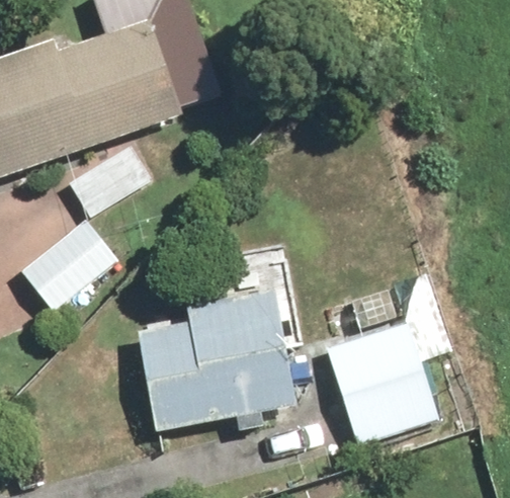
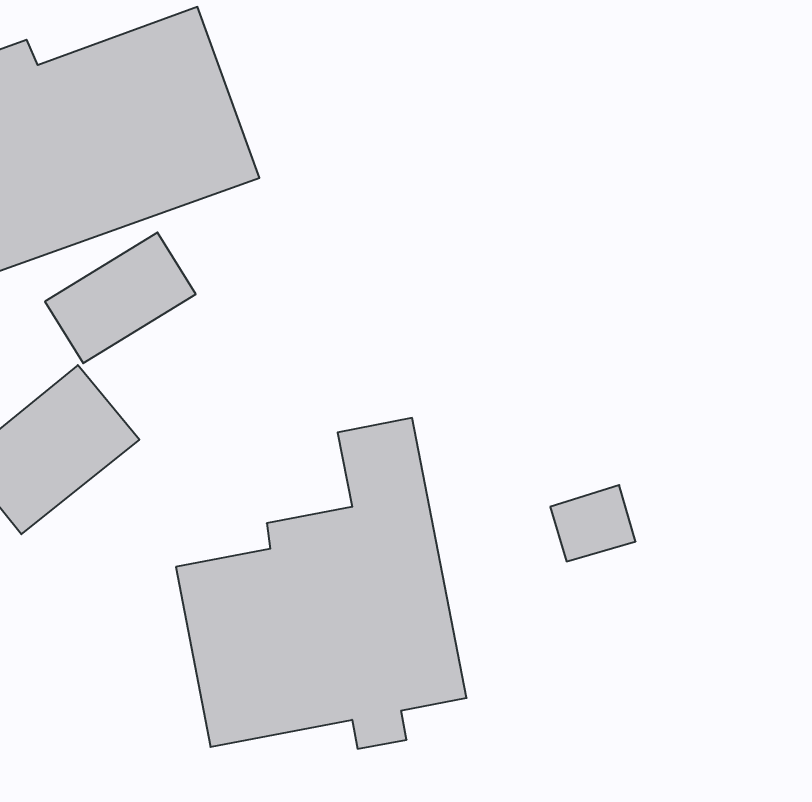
building: [325,319,440,443] -> none

